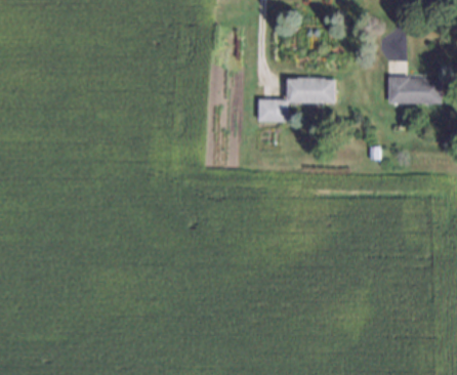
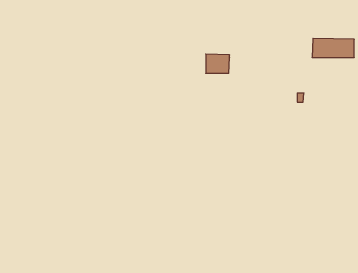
building: [287,79,332,102] -> none

